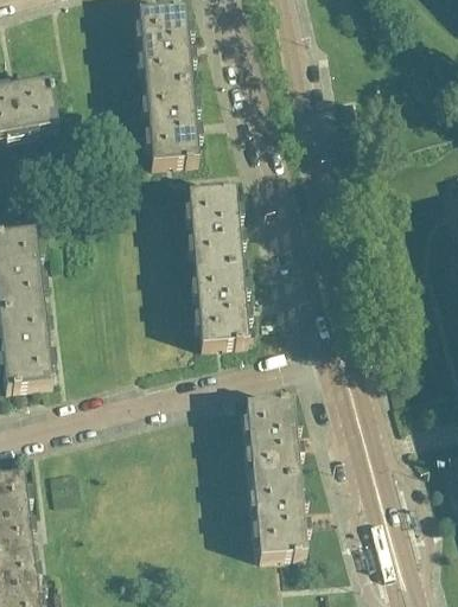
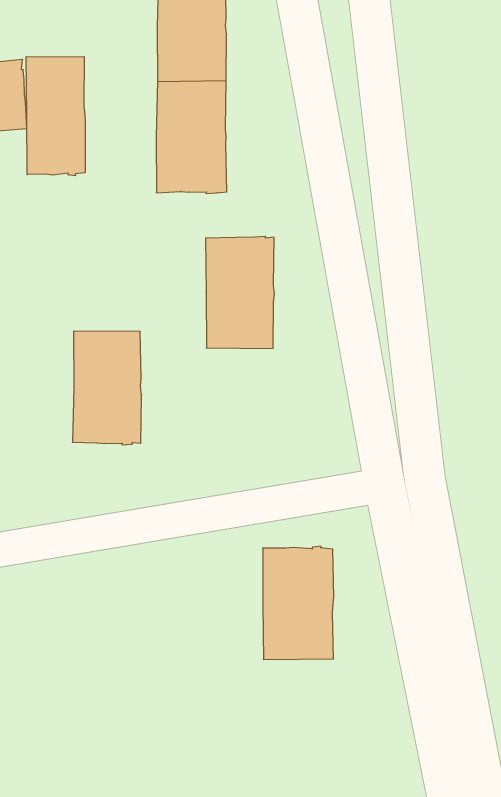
building: none -> [26,57,85,176]
building: [195,263,248,344] -> [72,331,142,445]
building: [253,474,307,556] -> none

